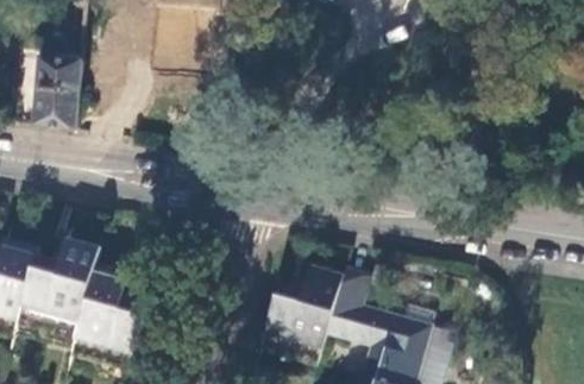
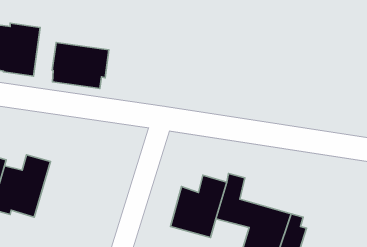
building: none -> [52,42,109,89]
building: [70,264,144,357] -> none

